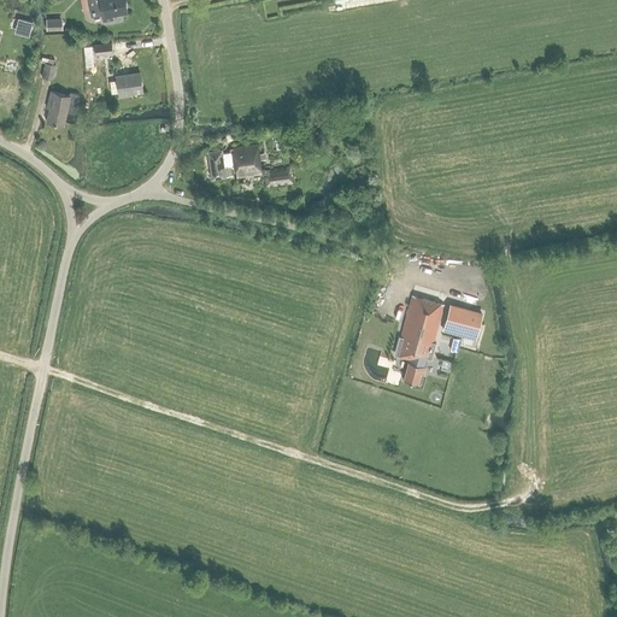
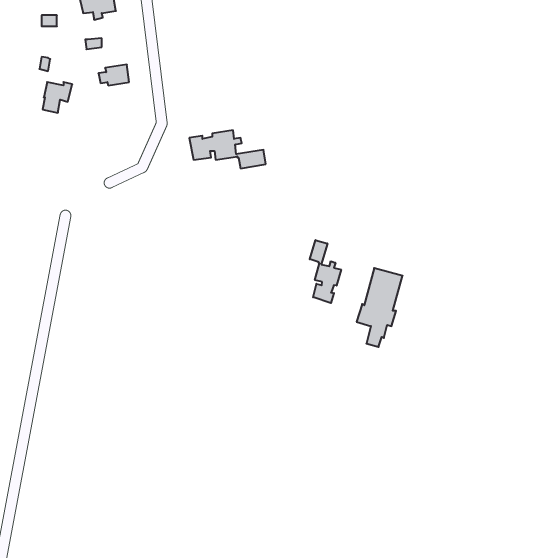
building: none -> [310,240,341,303]
building: [442,305,481,337] -> none

